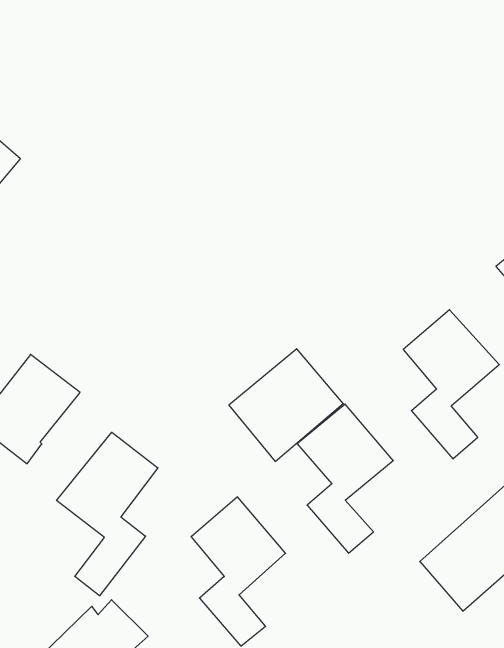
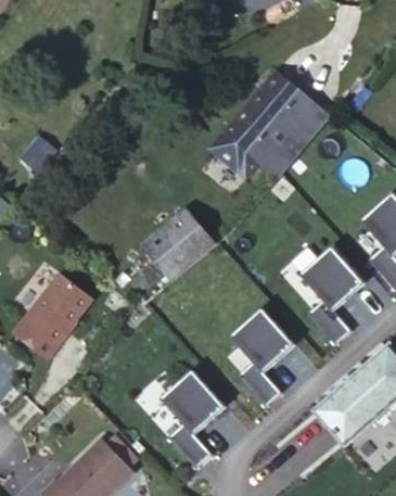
building: none -> [207,74,327,179]
building: [229,349,343,461] -> [139,211,214,284]
building: [57,432,158,596] -> none

